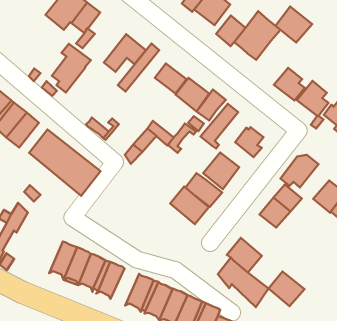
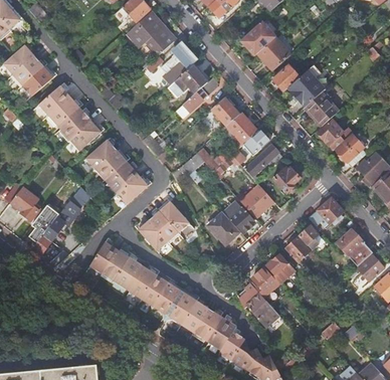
building: [276,6,312,43] -> [305,92,338,126]
building: [52,44,91,93] -> [161,41,198,84]
building: none -> [139,202,190,252]
building: none -> [139,274,168,308]
building: [268,271,305,306] -> [264,251,297,283]

